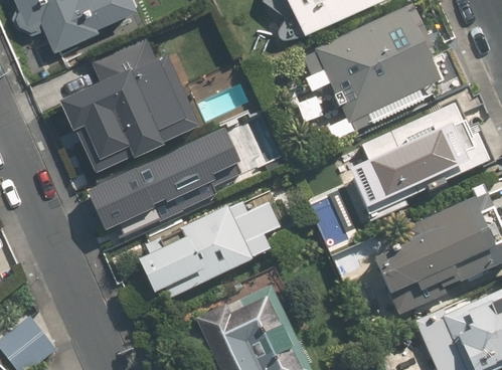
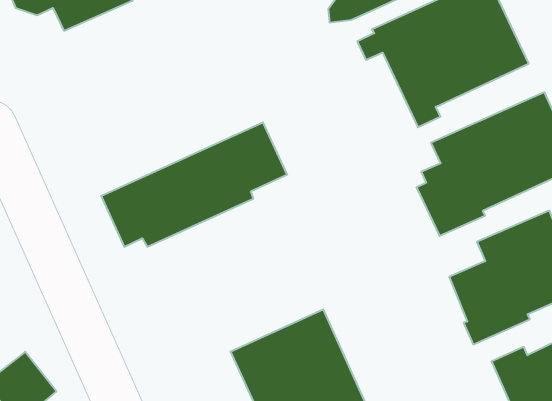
building: [40,40,179,172] -> none
building: [143,202,281,298] -> none

